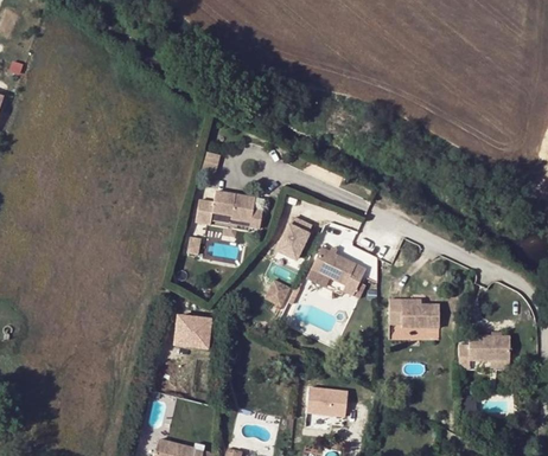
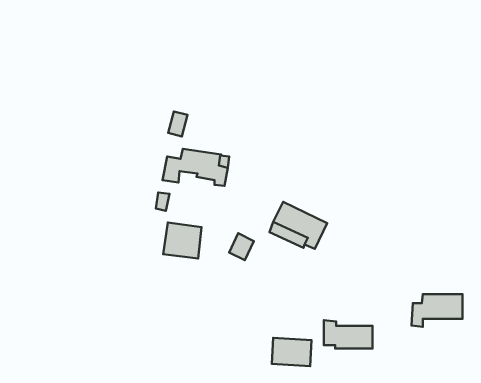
building: [278,216,317,261] -> none
building: [388,297,439,327] -> [324,320,372,348]
building: [174,313,215,351] -> [163,223,202,259]

